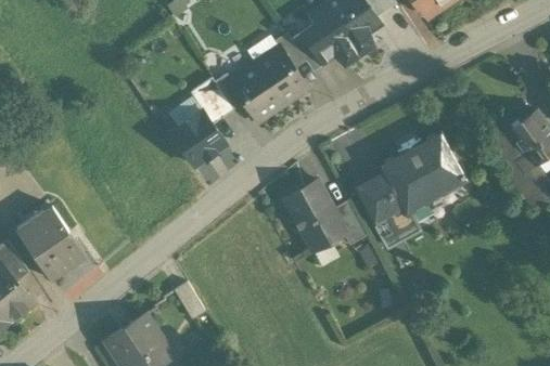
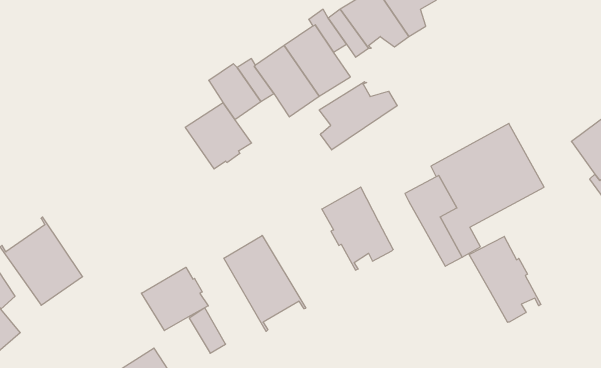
building: none -> [319,82,397,150]
building: [332,201,366,245] -> none
building: none -> [224,235,306,331]
building: none -> [469,236,541,322]
building: none -> [141,267,208,331]

